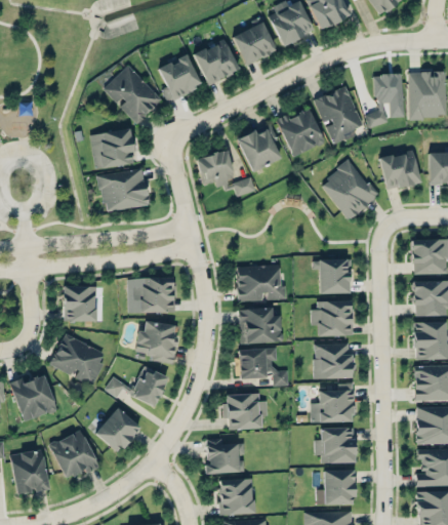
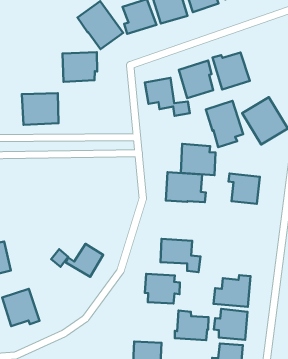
building: [314,85,363,145] -> [206,101,243,147]
building: [98,168,148,212] -> [22,93,58,125]
building: [133,277,173,313] -> none
building: [63,286,96,322] -> none
building: [311,300,352,336] -> none
building: [238,308,282,345] -> [181,144,215,175]
building: [135,322,177,363] -> none
building: [50,334,104,386] -> none
building: [314,344,352,378] -> none
building: [95,408,139,452] -> none
building: [204,439,245,474] -> [175,310,209,340]

